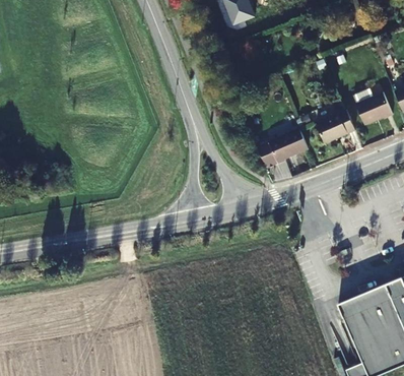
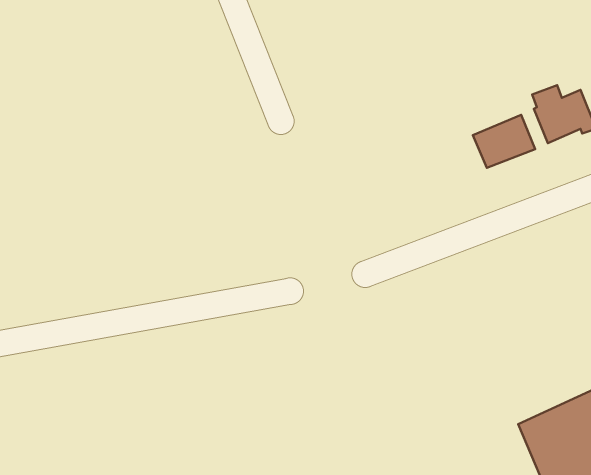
building: [255,123,307,163] -> none

